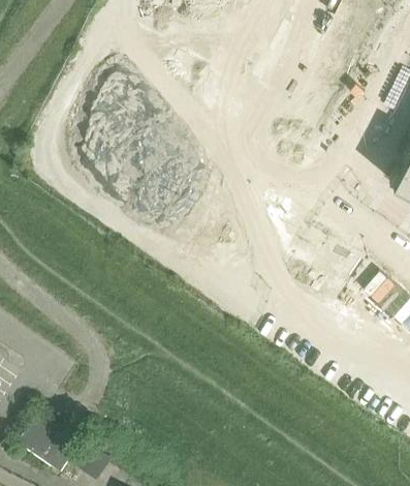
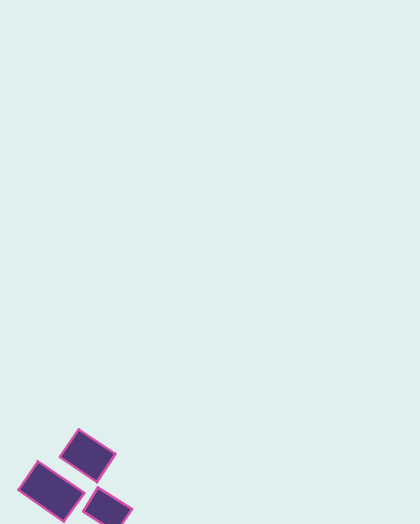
building: none -> [60,429,115,482]

